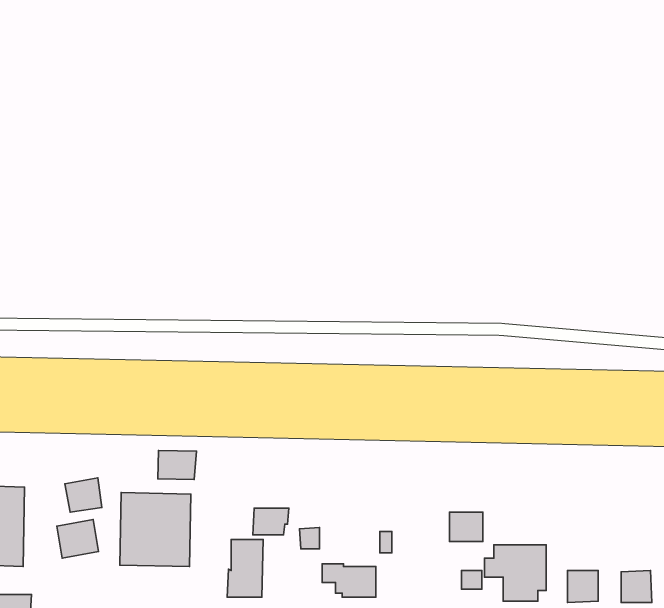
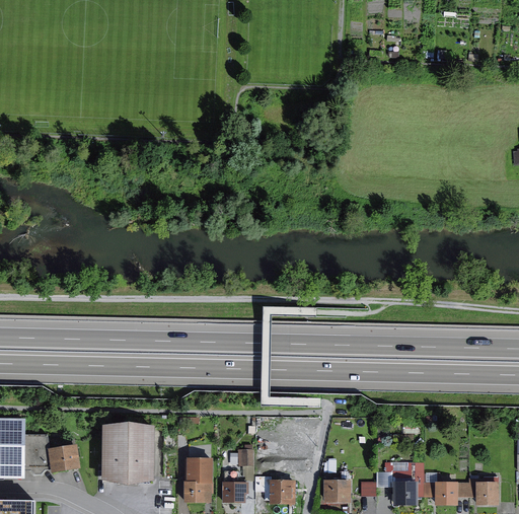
building: [158,450,196,479] -> none
building: [65,478,102,512] -> none
building: [253,508,289,535] -> [220,482,247,502]
building: [449,512,483,542] -> [323,481,349,503]

